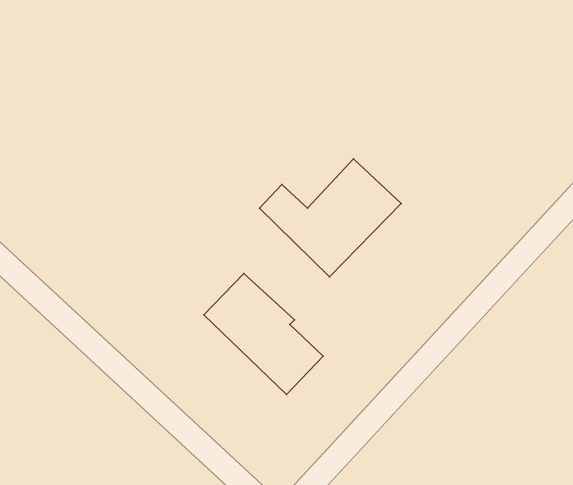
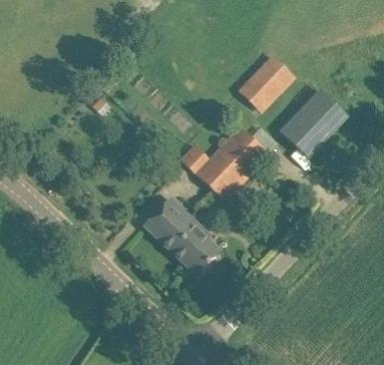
building: none -> [241,56,294,106]
building: none -> [280,90,345,155]

